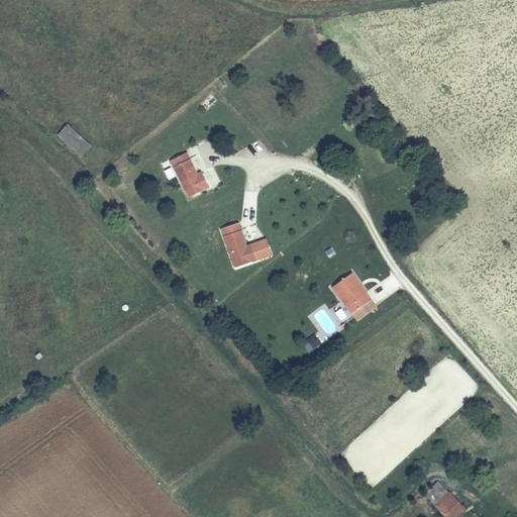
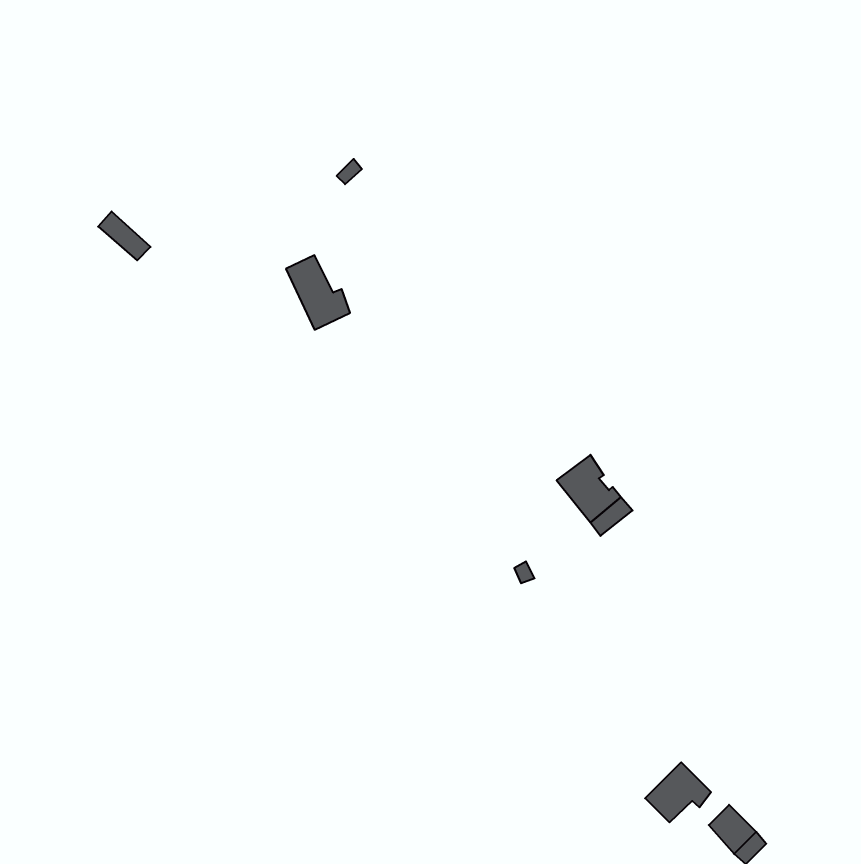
building: [222,223,260,268] -> none
building: none -> [645,762,711,822]

